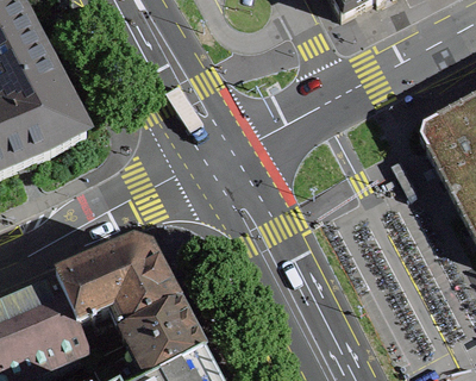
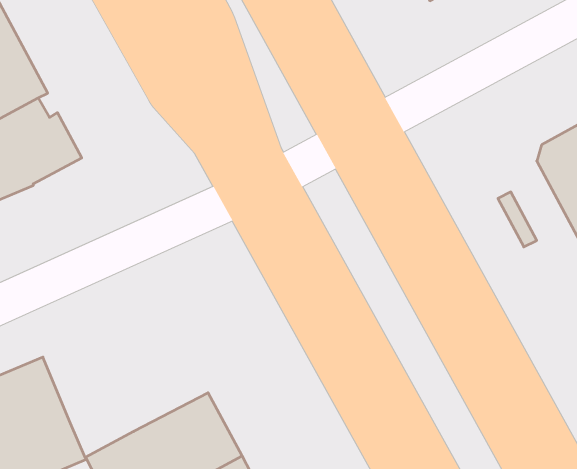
building: [57,241,178,329] -> none

